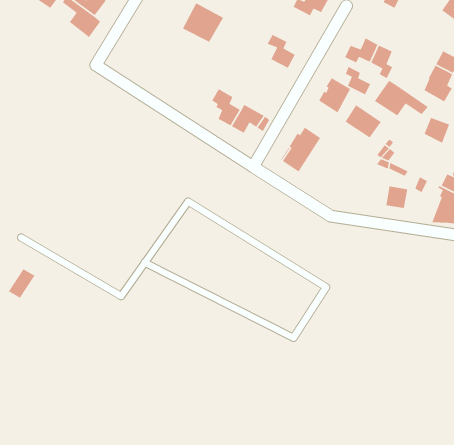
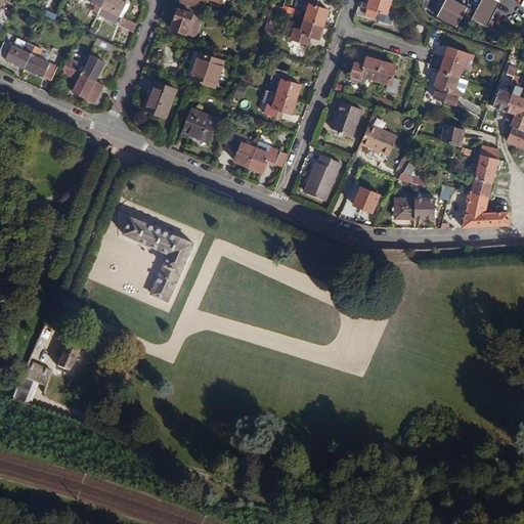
building: none -> [143,81,176,117]
building: none -> [262,90,296,117]
building: none -> [181,107,218,143]
building: [345,66,371,96] -> none
building: [374,80,429,116] -> none
building: none -> [122,215,193,300]
building: none -> [347,182,381,213]
building: none -> [395,198,414,218]

